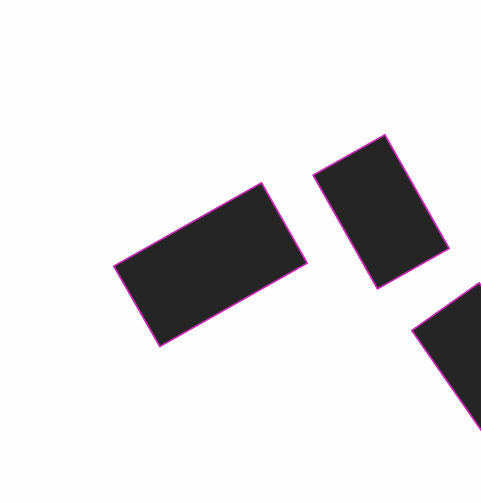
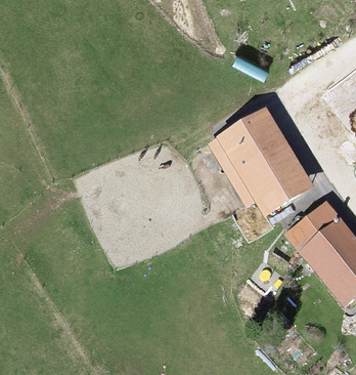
building: [114,183,307,347] -> none

